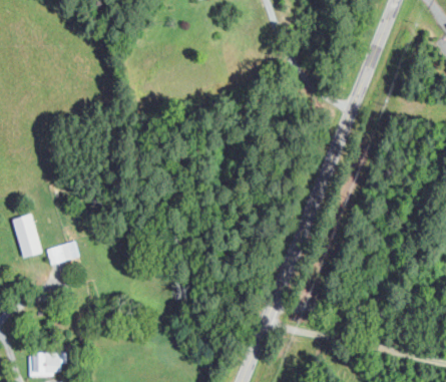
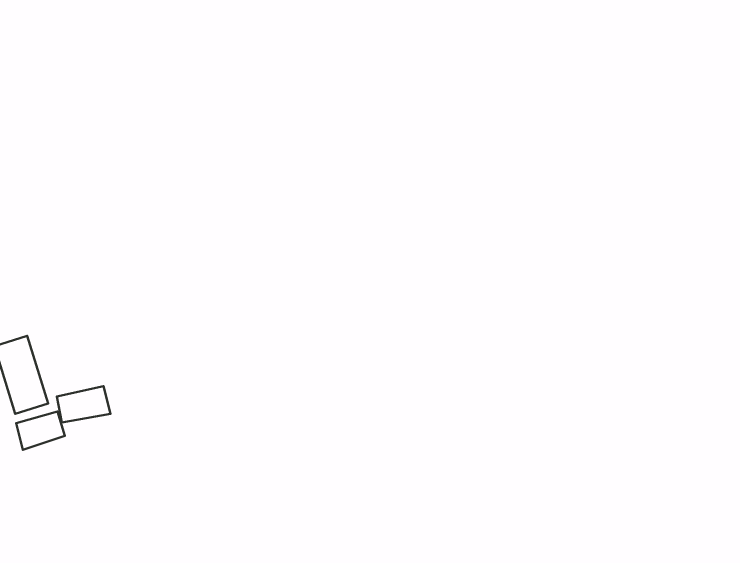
building: none -> [16,412,65,450]

